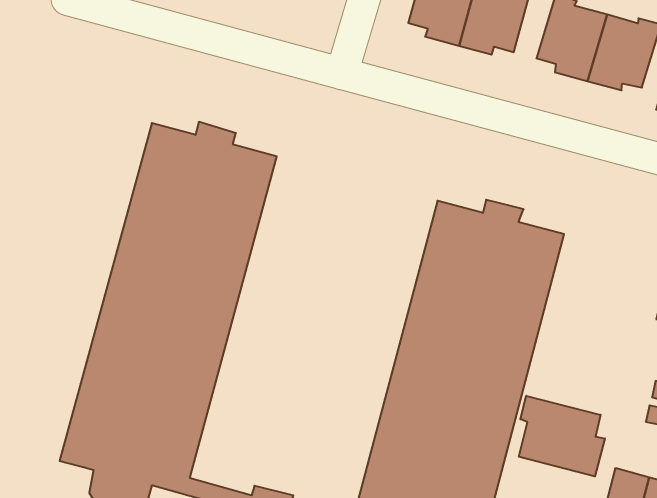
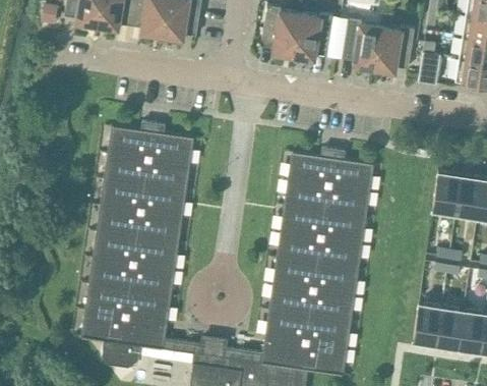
building: [519,396,605,476] -> none

